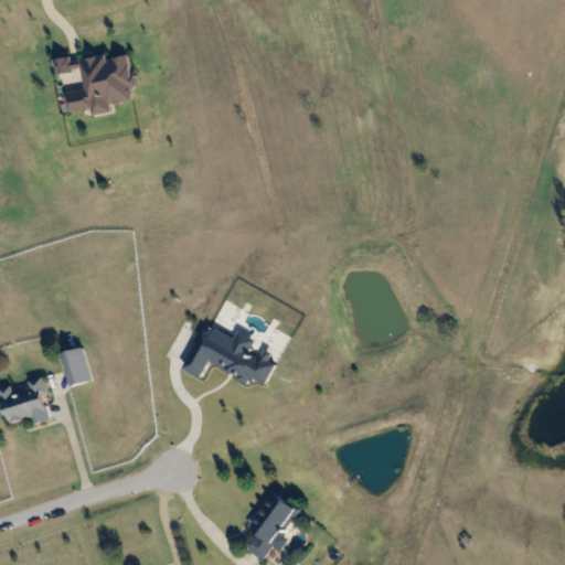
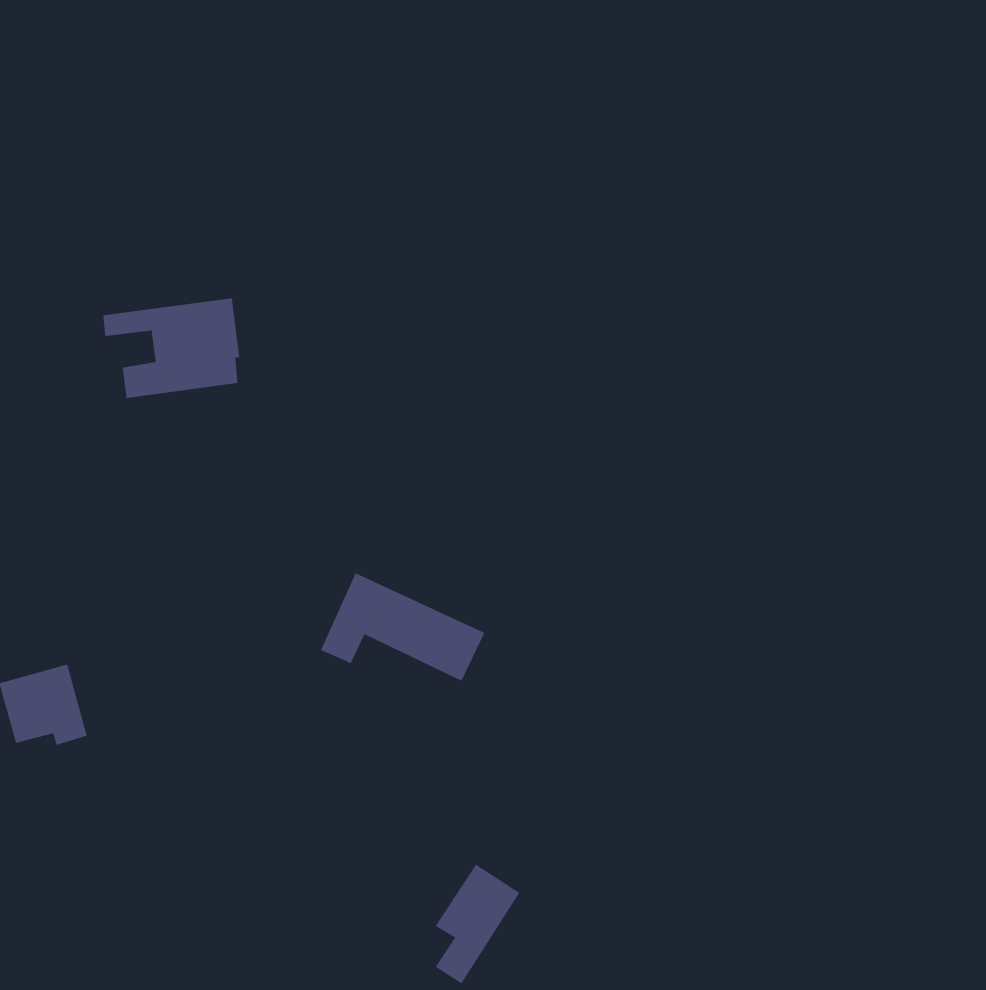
building: [53,53,131,110] -> [102,298,240,399]
building: [58,348,90,387] -> none

